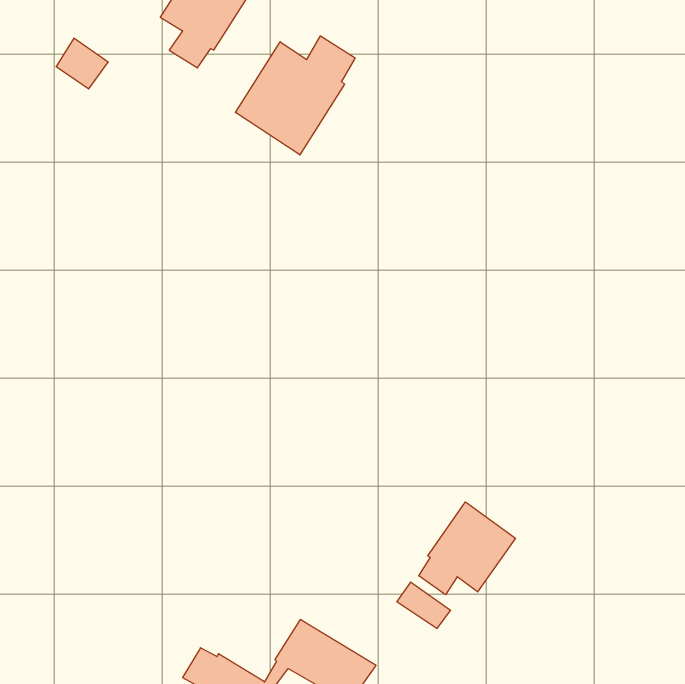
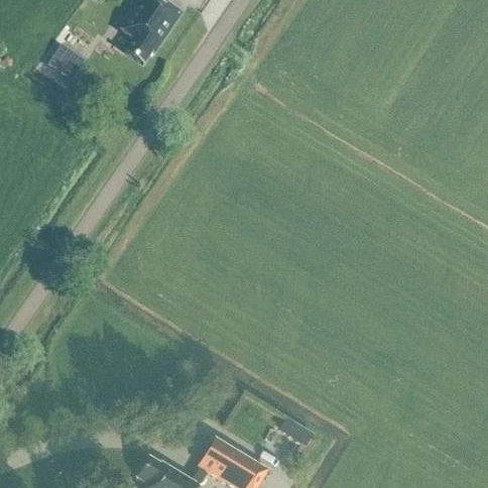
building: [235,36,355,155] -> none
building: [419,502,515,595] -> none

